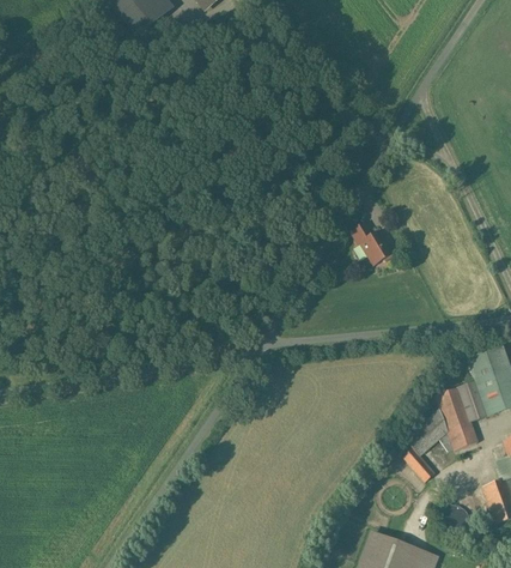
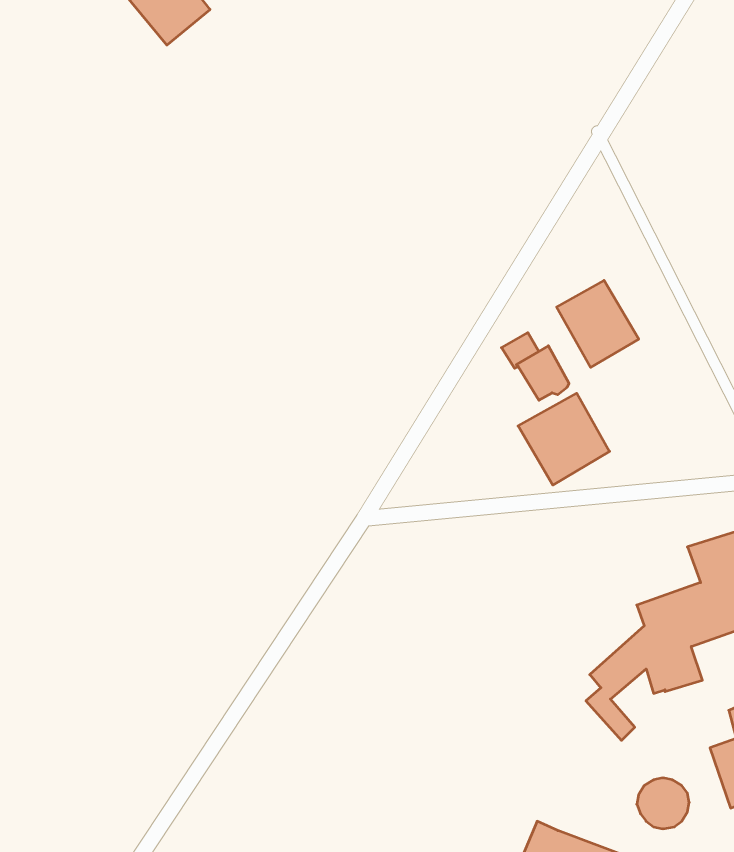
building: none -> [557,280,639,367]
building: none -> [518,393,610,485]

